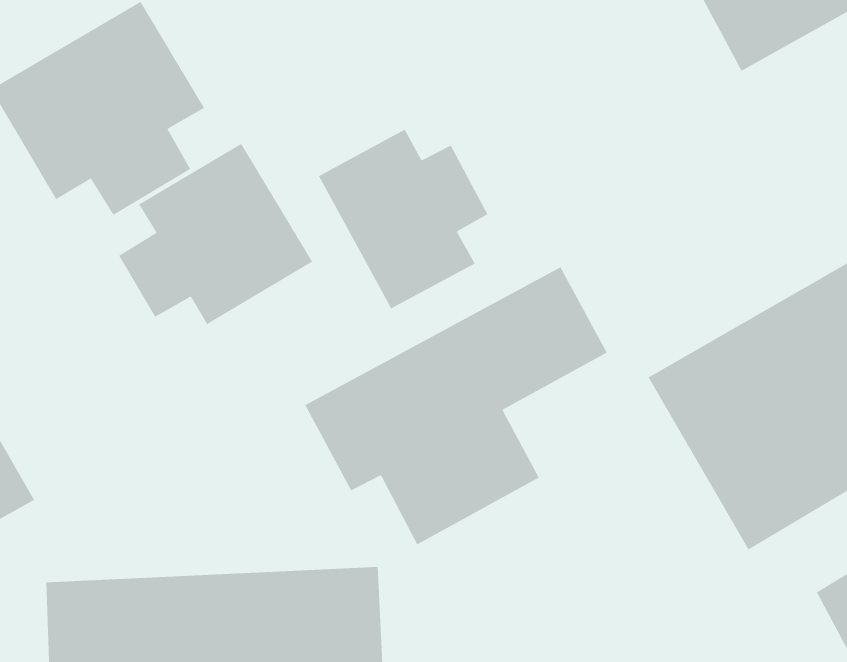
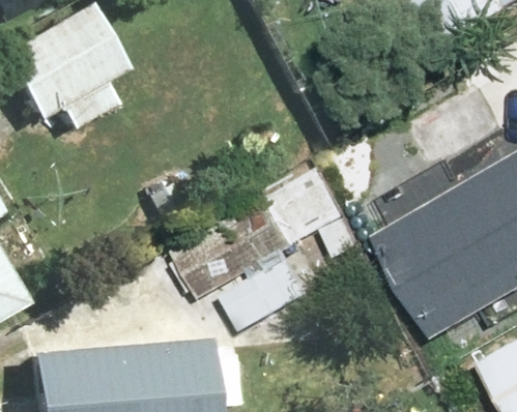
building: [318,129,489,309] -> none
building: [118,143,313,325] -> none

